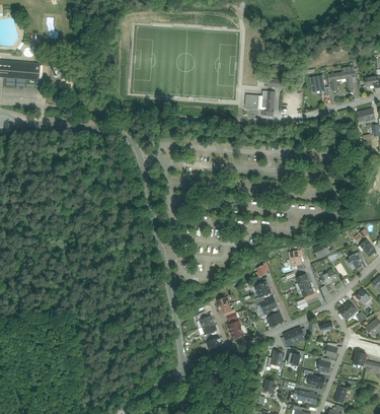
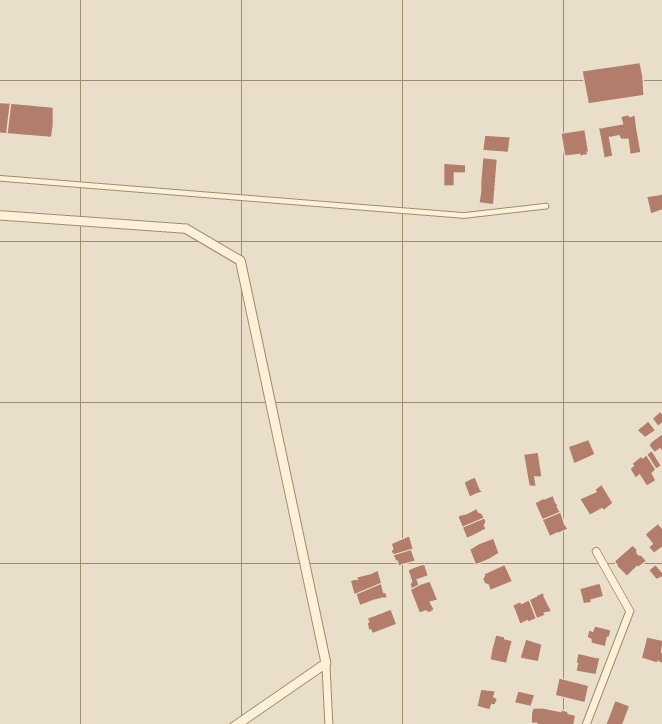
building: none -> [582,62,644,104]

